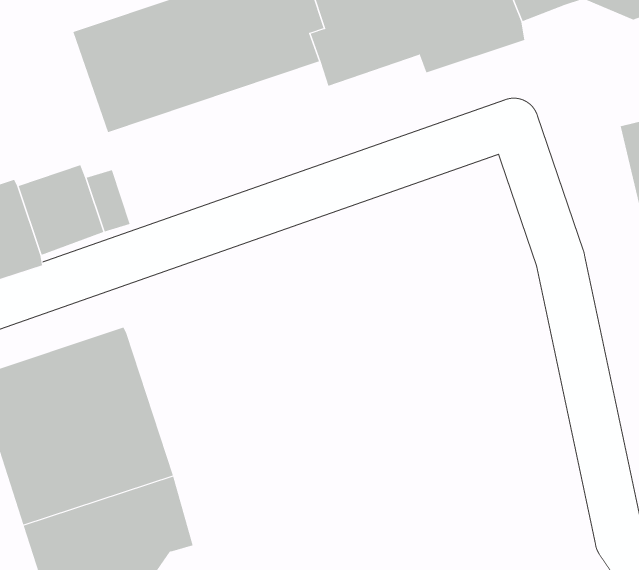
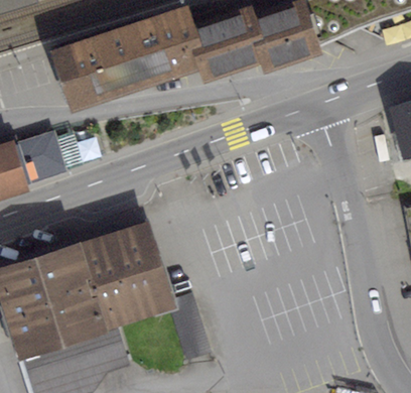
building: none -> [82,213,177,321]

